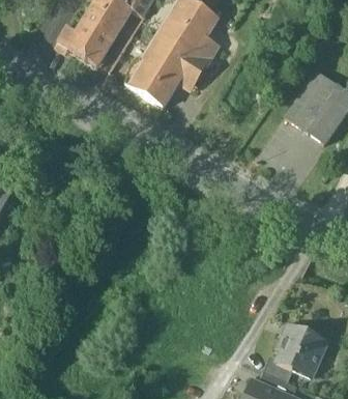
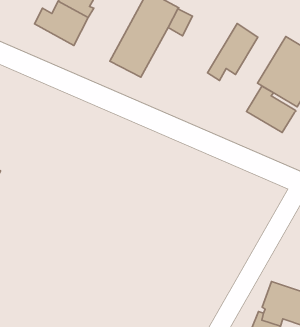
building: none -> [208,24,258,80]
building: none -> [247,86,296,132]

